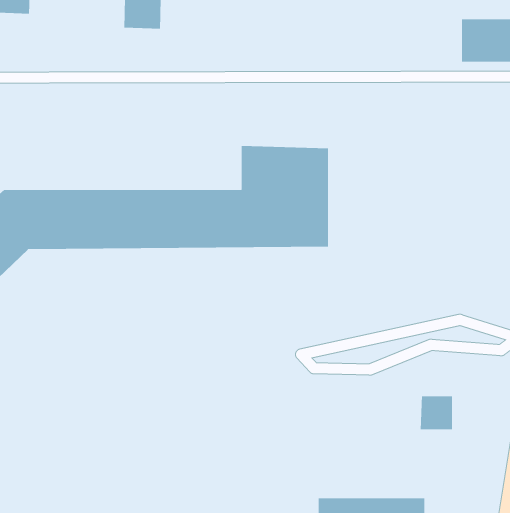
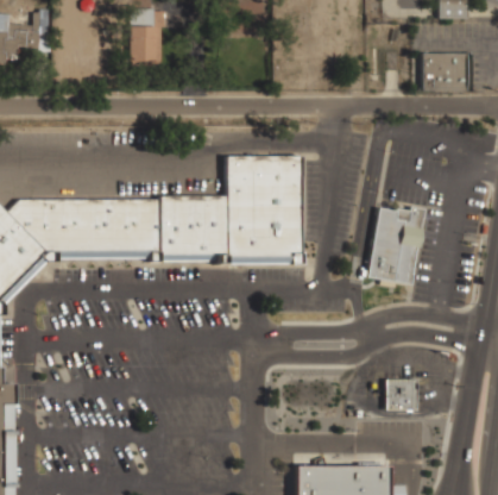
building: none -> [366,207,423,286]

